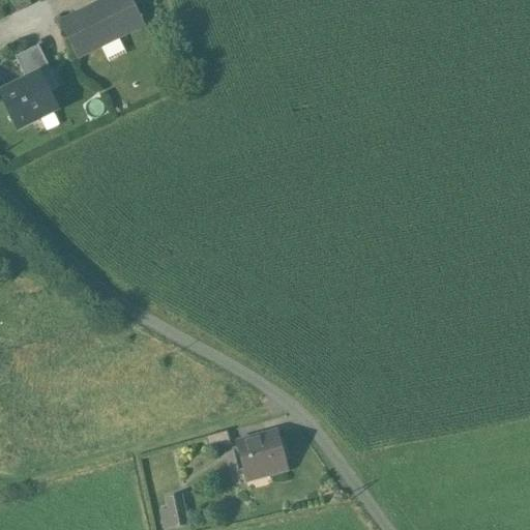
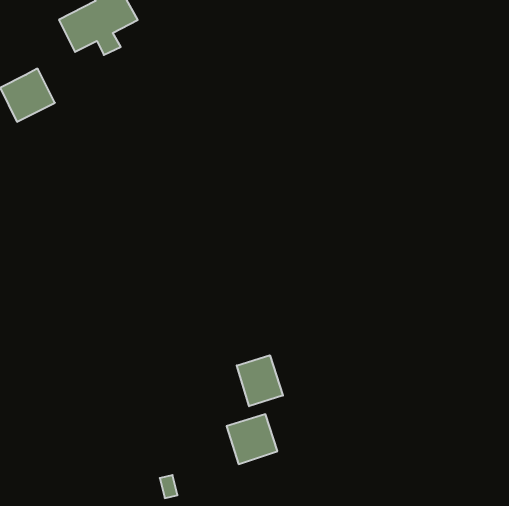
building: [14,42,50,78] -> none
building: none -> [237,355,283,406]

